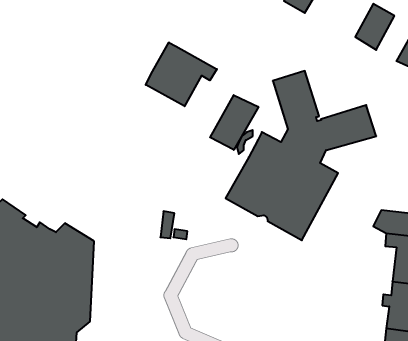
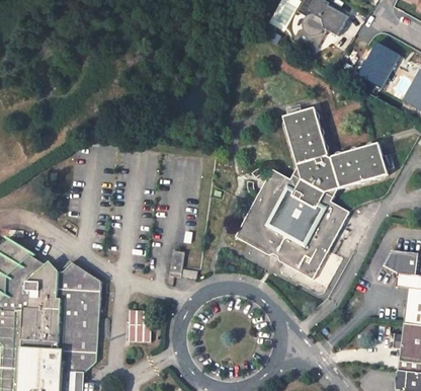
building: [146,42,217,106] -> none
building: [210,95,258,150] -> none
building: none -> [129,311,152,342]

